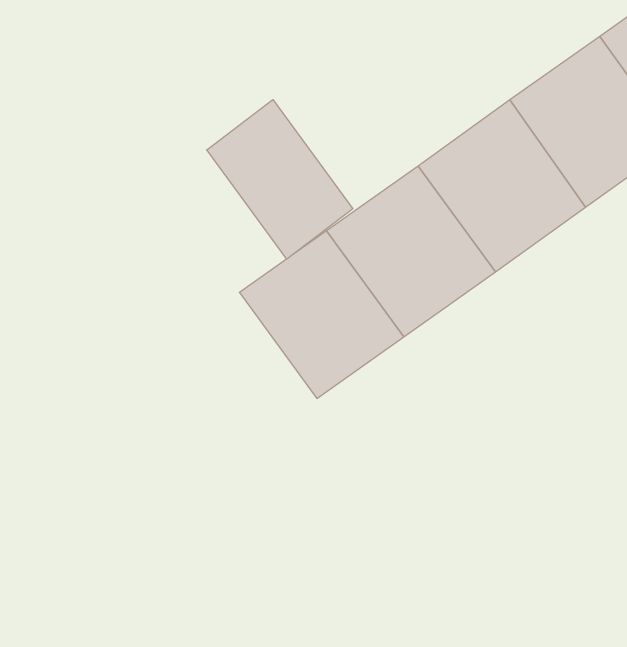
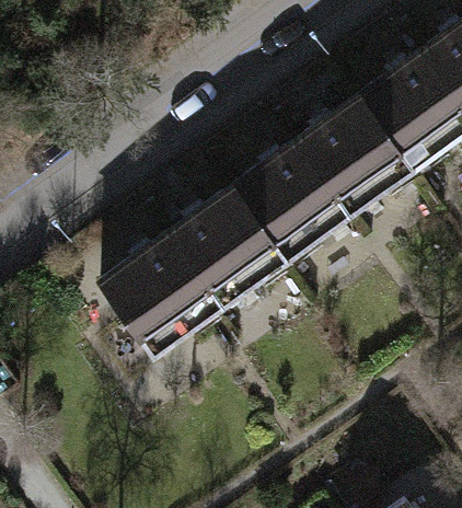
building: [207,100,353,259] -> none
building: none -> [100,230,228,357]

